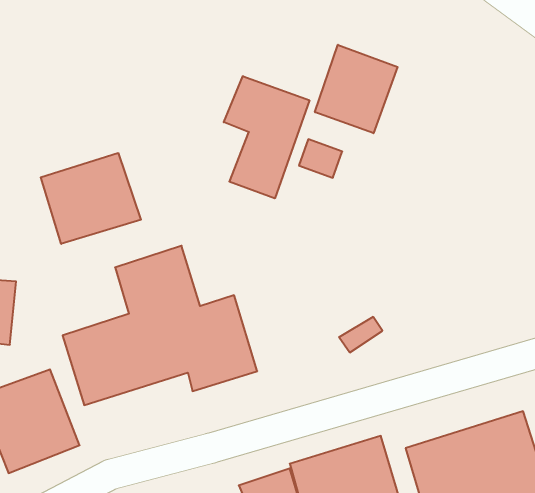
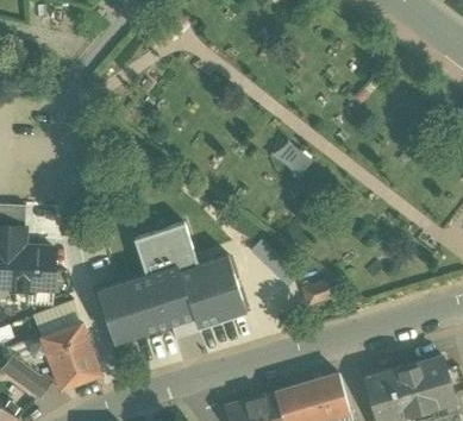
building: [315,45,398,133] -> none
building: [224,76,309,198] -> none
building: [41,153,141,244] -> none

